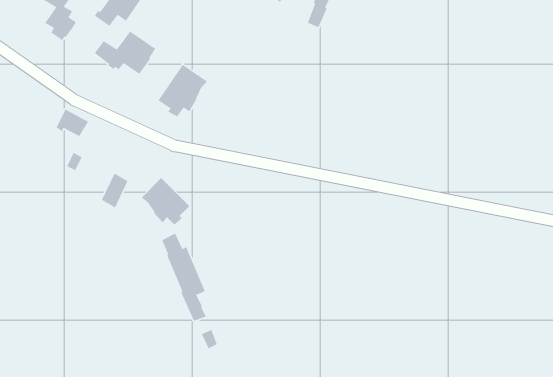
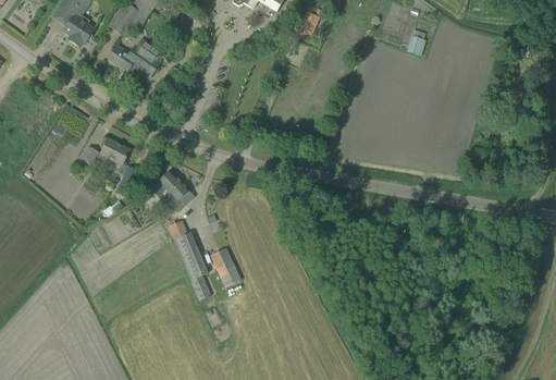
building: [158,64,208,117] -> none
building: [55,108,89,137] -> [99,136,129,162]
building: none -> [210,245,242,285]

